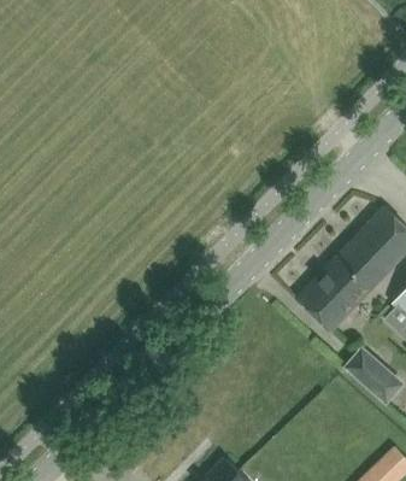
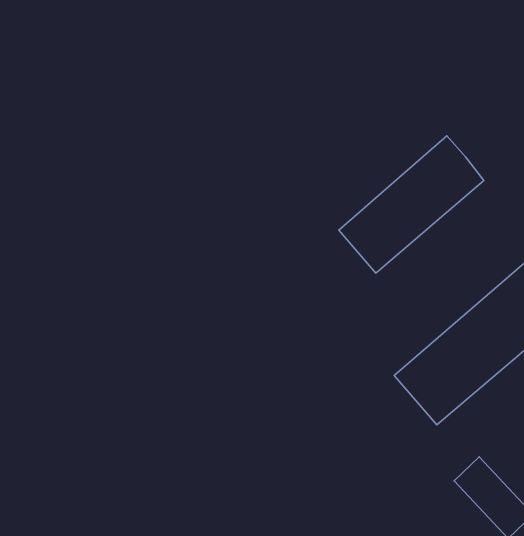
building: none -> [339,136,484,273]

